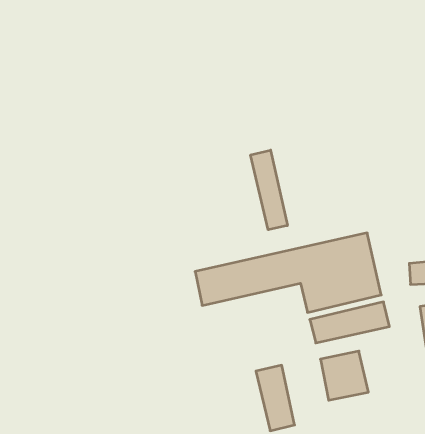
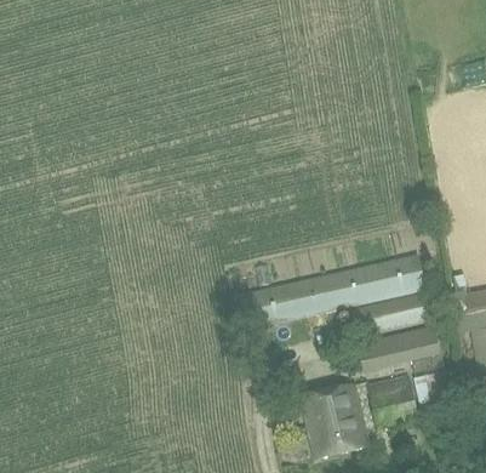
building: [251,150,287,230] -> none
building: none -> [328,383,368,451]

